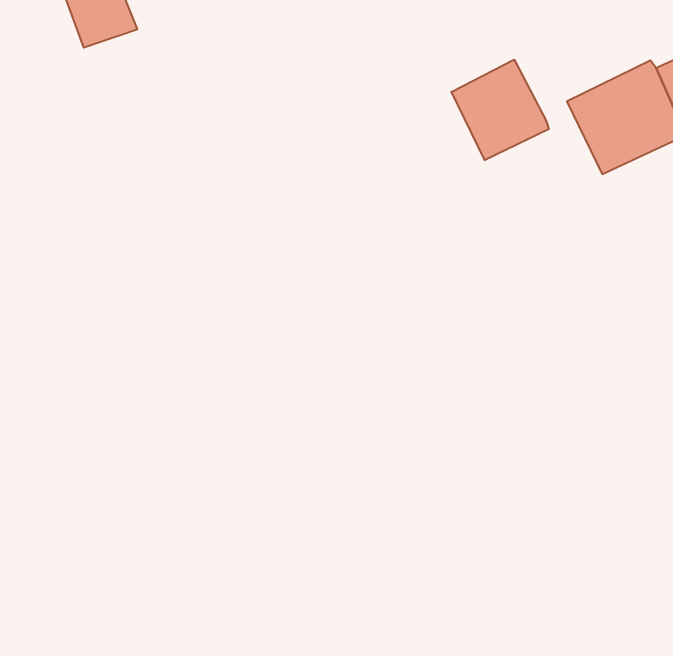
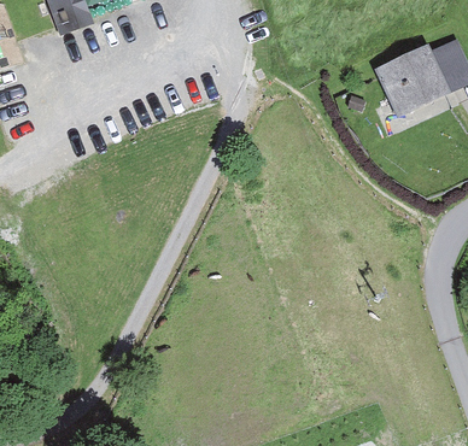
building: [451,60,549,160] -> none

